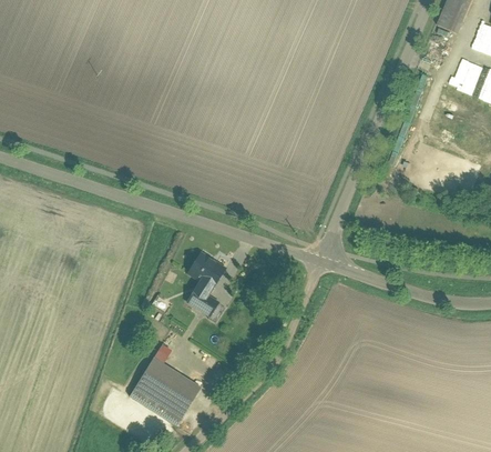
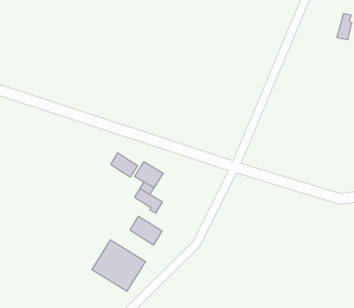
building: none -> [111,153,137,177]
building: none -> [130,216,162,245]

